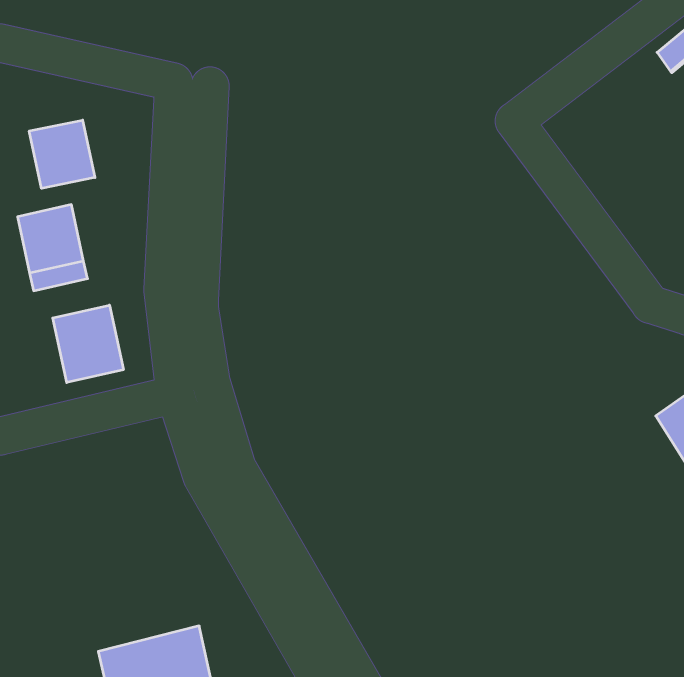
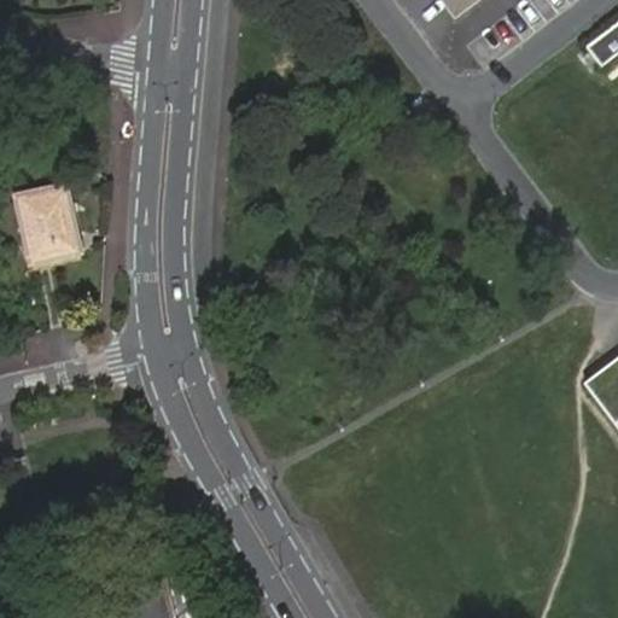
building: [29,120,95,188] -> none
building: [53,305,123,383] -> none

